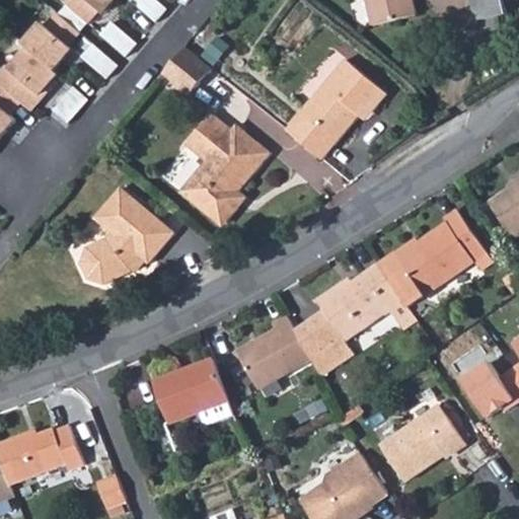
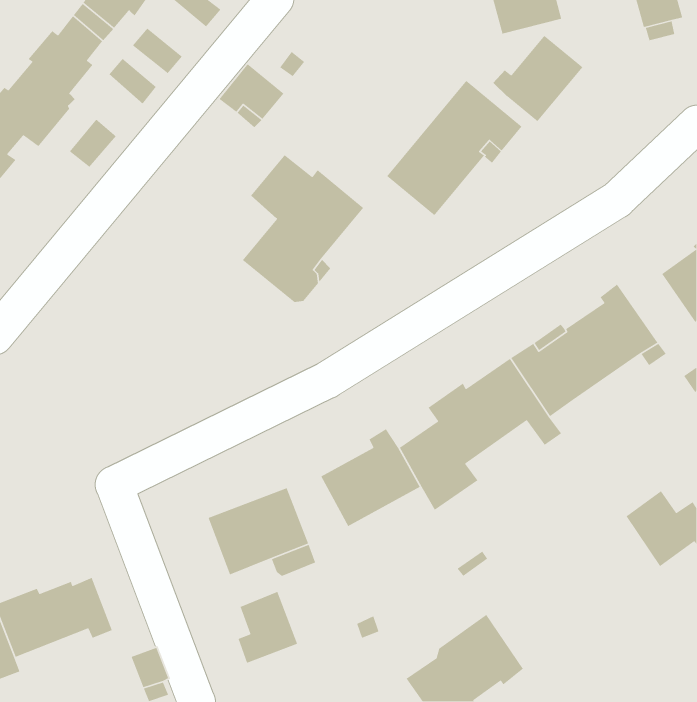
building: none -> [492,35,583,122]
building: [79,188,173,284] -> none
building: [378,403,464,480] -> none
building: none -> [238,591,298,664]

